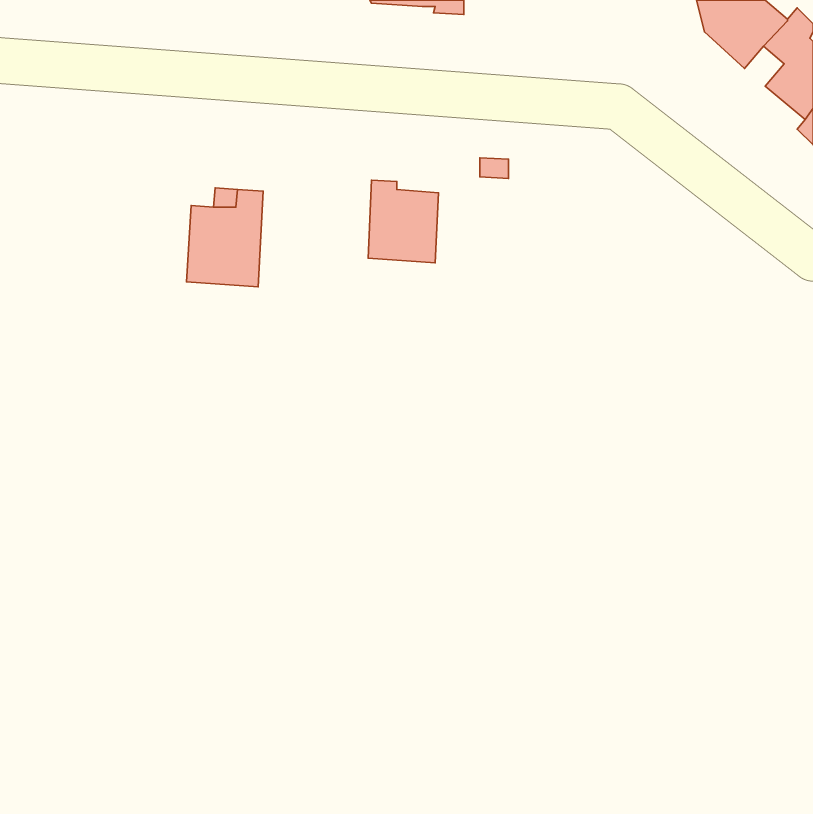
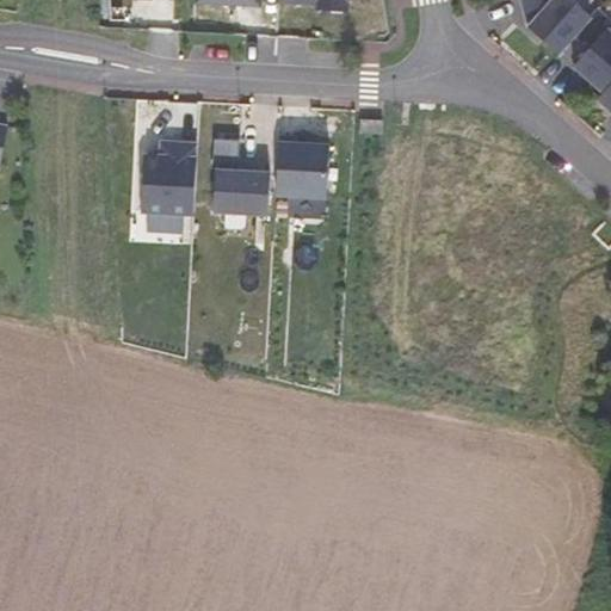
building: none -> [211,137,270,215]

